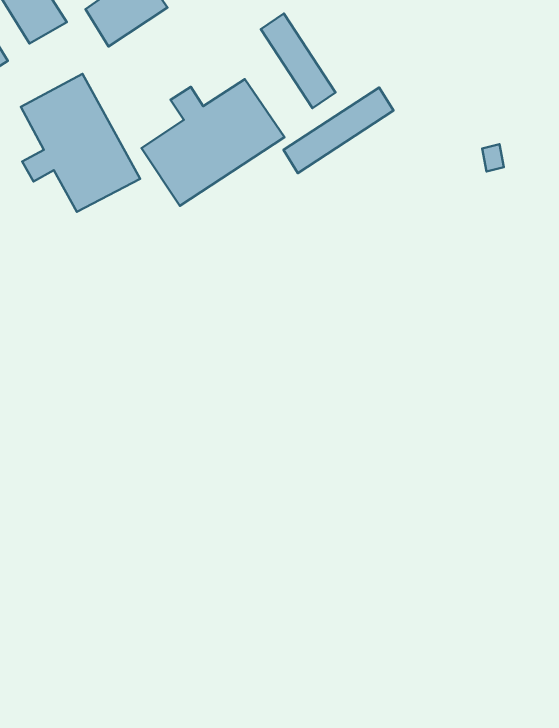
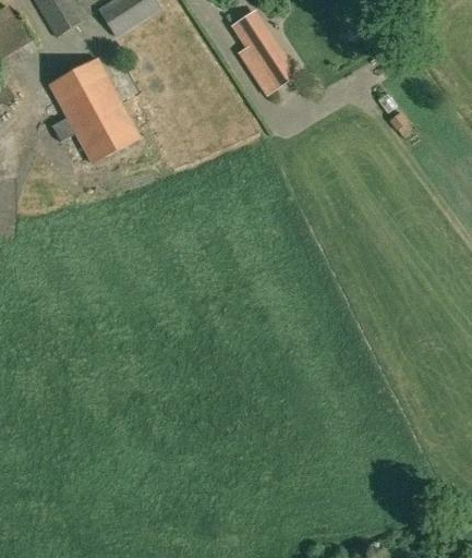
building: [141,79,284,206] -> none
building: [284,87,393,173] -> none

